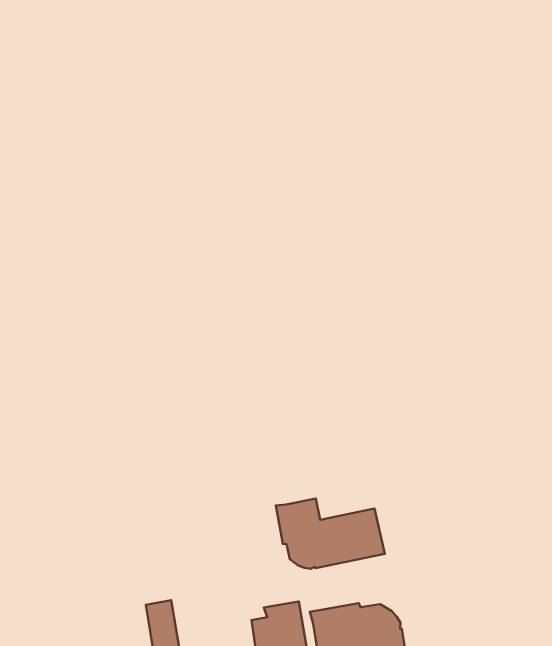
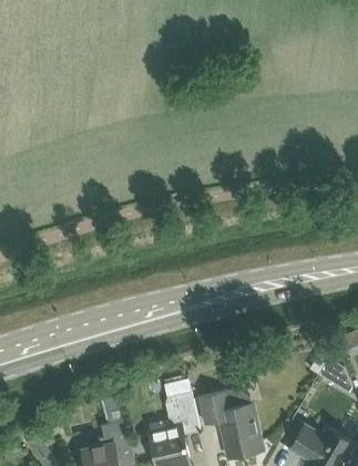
building: [276,499,385,569] -> none

